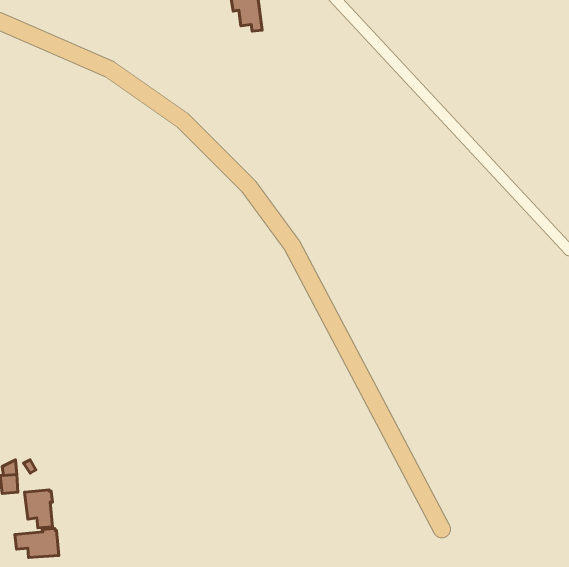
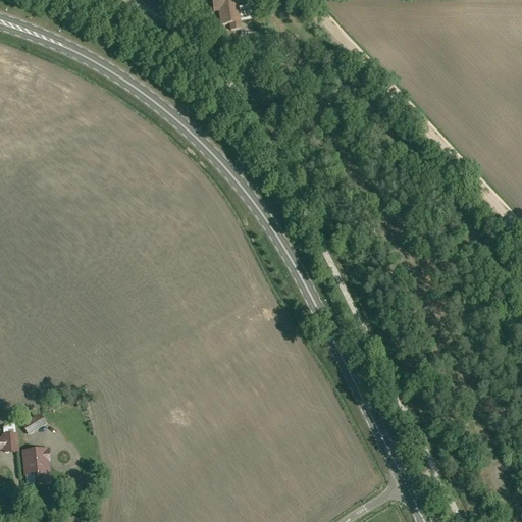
building: [15,529,59,557] -> none

